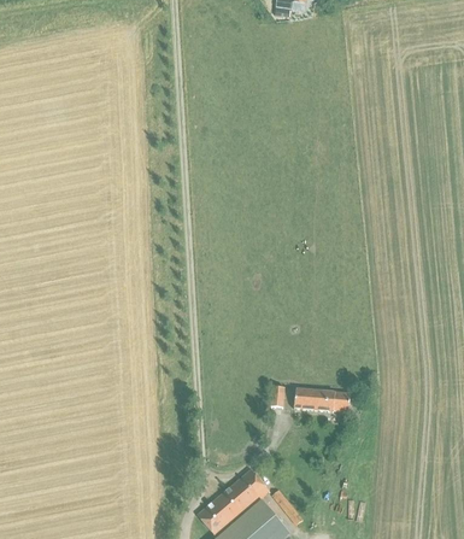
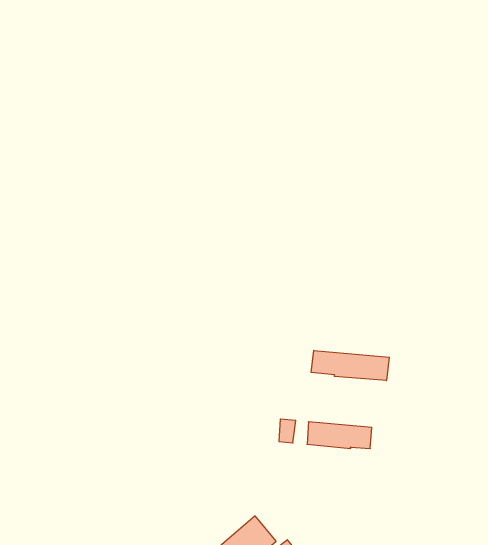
building: none -> [311,350,389,381]

